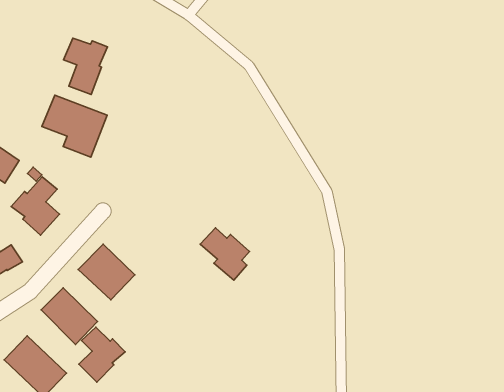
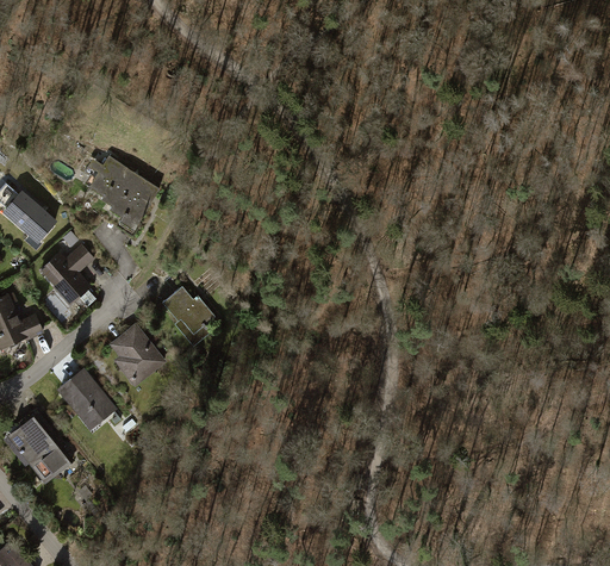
building: [64,38,108,95] -> none
building: [200,228,249,280] -> [162,284,214,343]
building: [79,327,125,382] -> none

